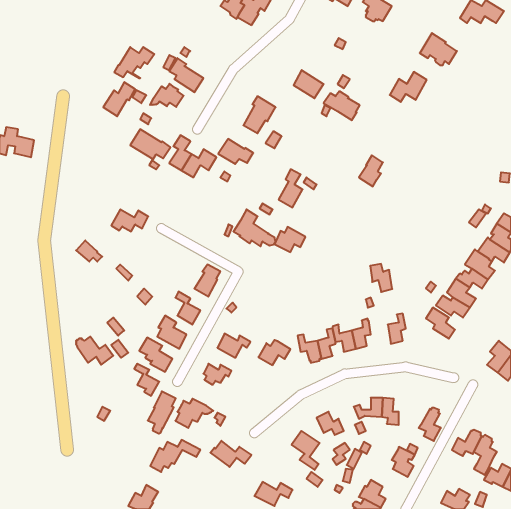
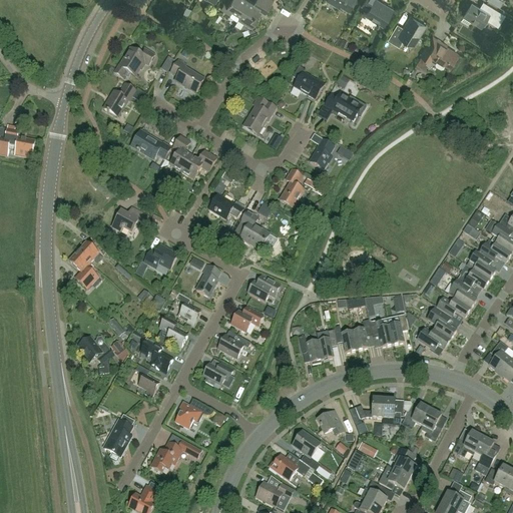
building: [390,72,427,102] -> [388,14,425,44]
building: [150,84,184,107] -> none
building: [218,139,253,164] -> [207,193,242,218]
building: [359,155,383,186] -> [309,138,333,169]
building: [274,227,305,252] -> [247,276,279,301]
building: none -> [143,243,177,269]
building: none -> [68,250,97,288]
building: [370,264,392,292] -> [369,319,391,347]
building: none -> [417,329,449,349]
building: [258,340,290,365] -> [230,307,263,332]
building: [148,391,176,434] -> [104,419,132,461]
building: none -> [400,404,430,429]
building: [210,441,251,467] -> [269,454,310,480]
building: none -> [377,465,408,489]

